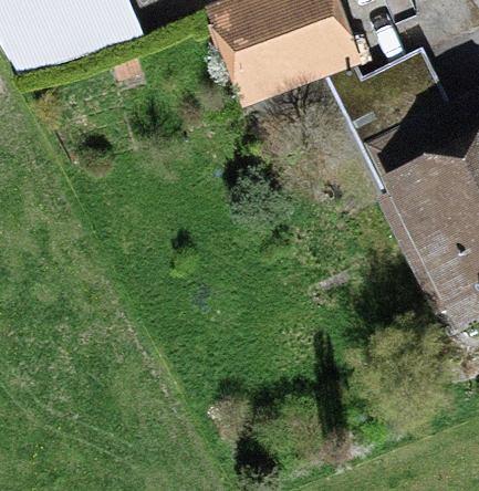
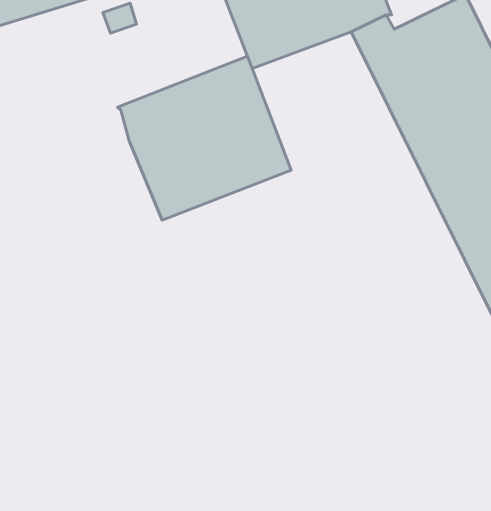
building: none -> [117,56,291,220]

